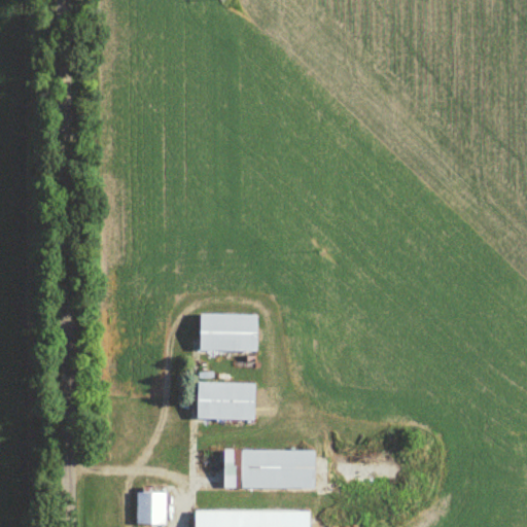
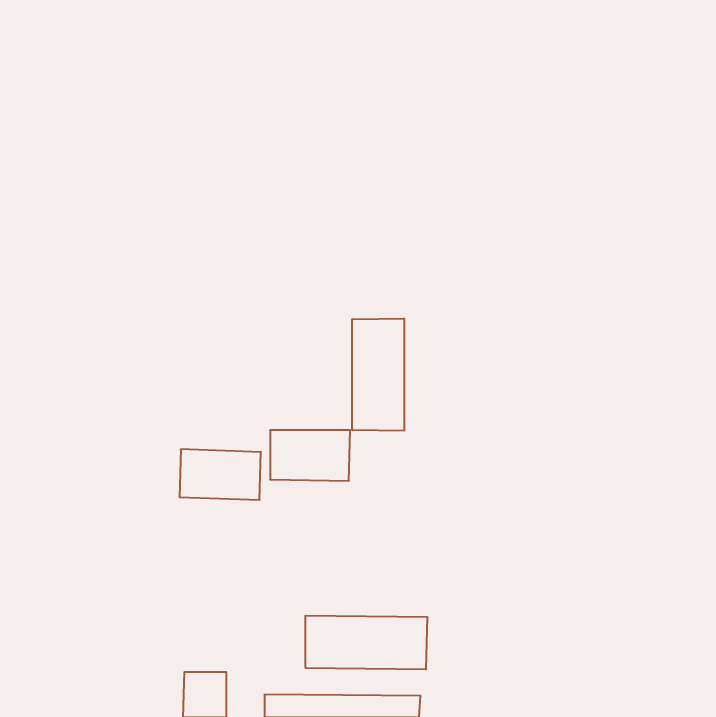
building: none -> [352,318,404,431]
building: [197,382,256,419] -> [179,449,261,500]

